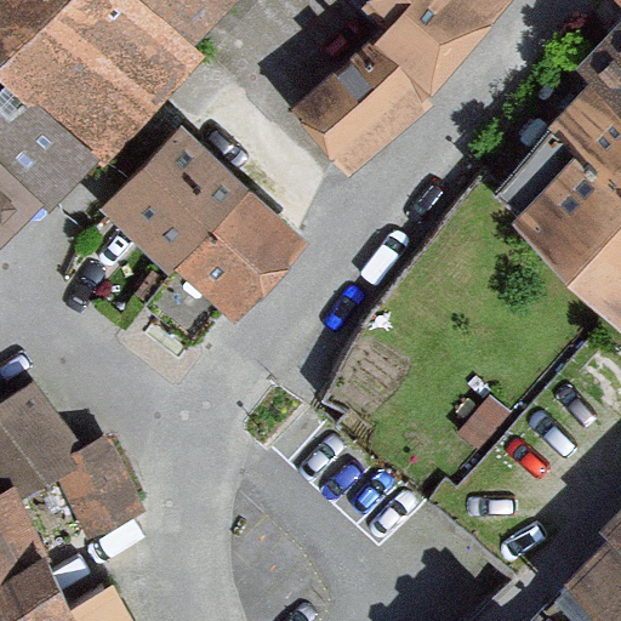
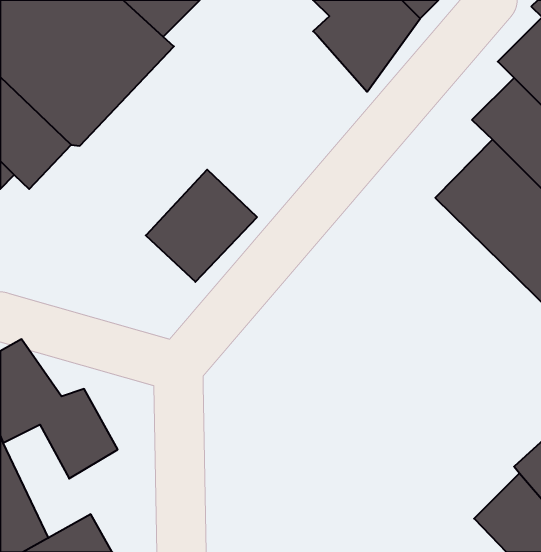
building: [290,40,428,177] -> none
building: [97,125,245,273] -> none

